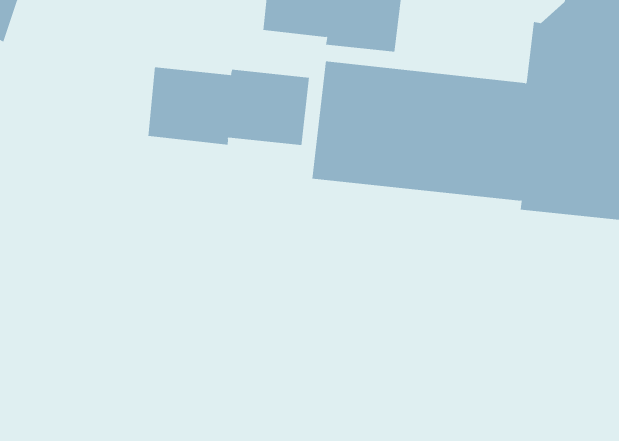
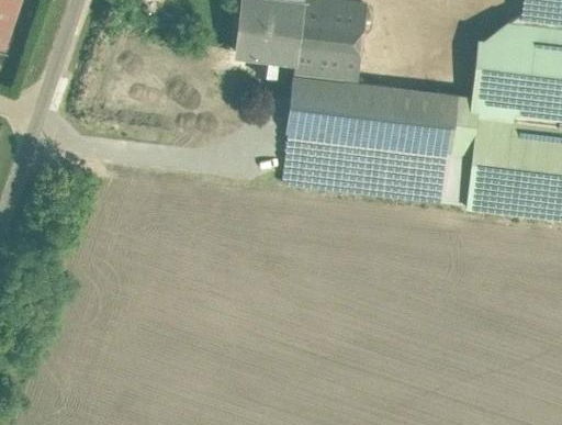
building: [148,66,310,146] -> none

